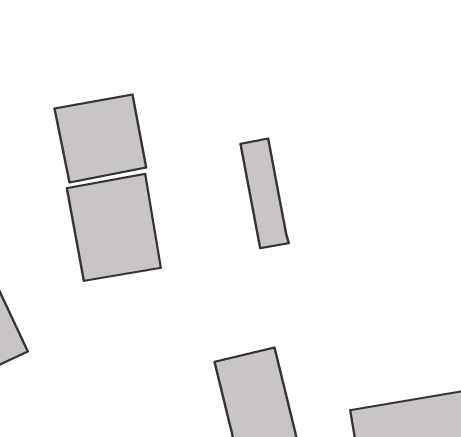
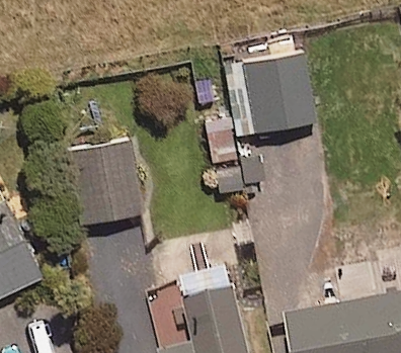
building: none -> [226,53,312,135]
building: [54,94,146,182] -> none

